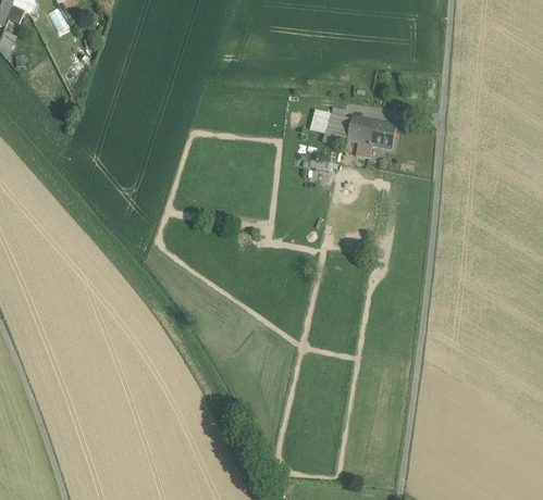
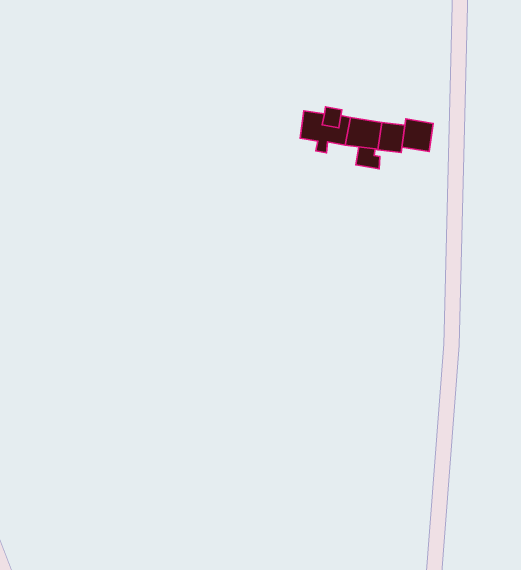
building: none -> [402,119,433,152]

